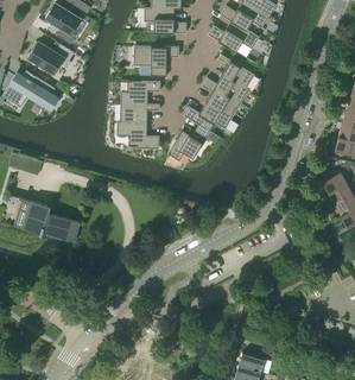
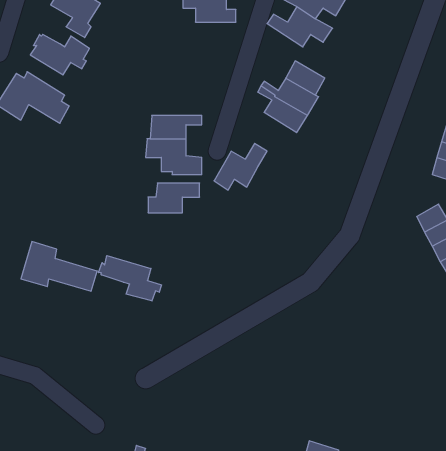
building: [134,46,178,77] -> none
building: [121,82,160,104] -> [148,183,200,213]
building: [184,102,232,132] -> none
building: none -> [99,256,162,301]

